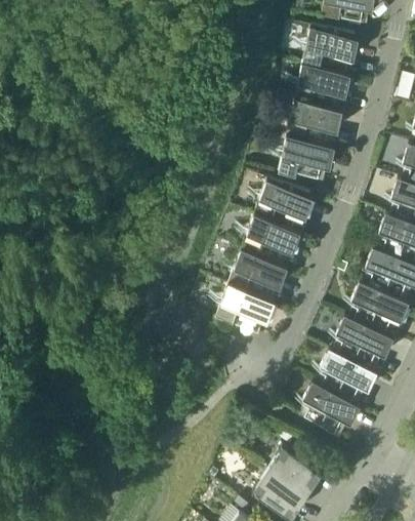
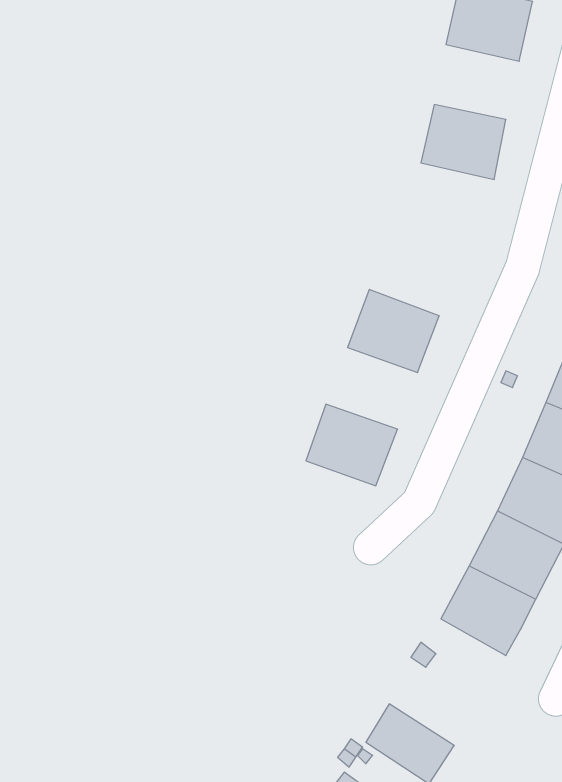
building: [296,62,348,108] -> none
building: [280,134,333,181] -> none
building: [256,177,312,229] -> none
building: [230,248,286,298] -> none
building: [268,445,324,493] -> none

